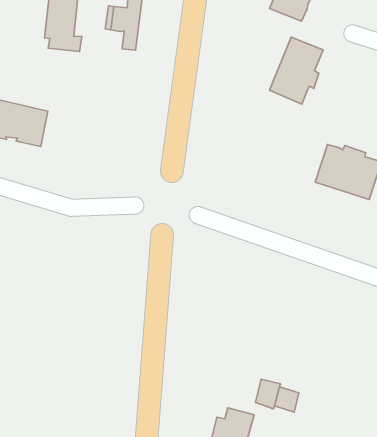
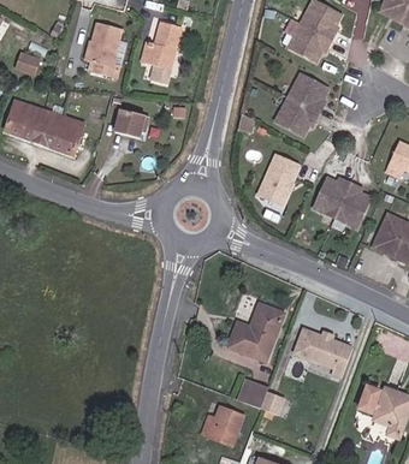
building: none -> [109,109,148,145]
building: none -> [263,156,303,204]
building: none -> [225,302,281,358]
building: none -> [295,325,351,374]

